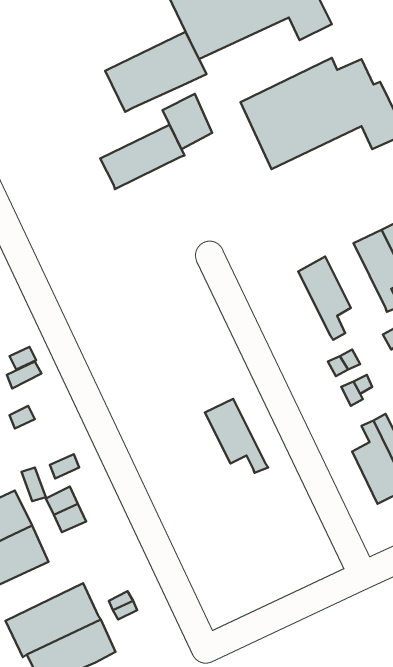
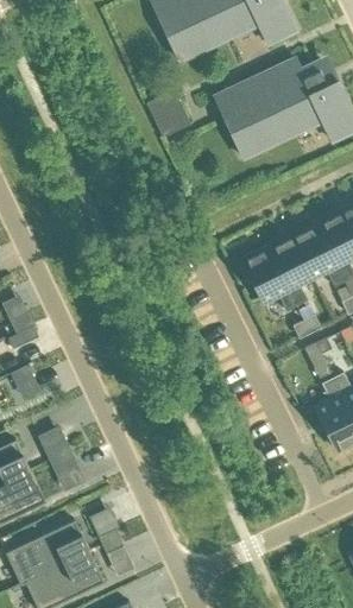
building: [105,32,206,112] -> none
building: [100,125,185,189] -> none
building: none -> [289,221,343,287]
building: [205,399,268,473] -> [240,246,296,311]

